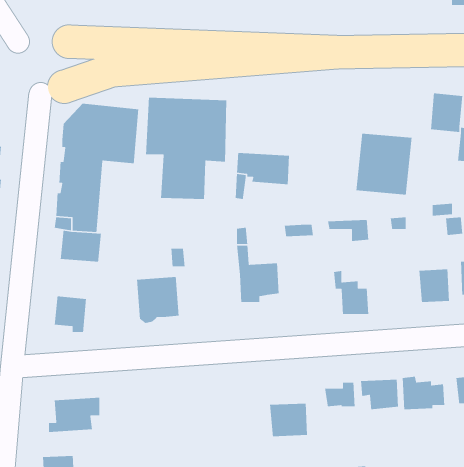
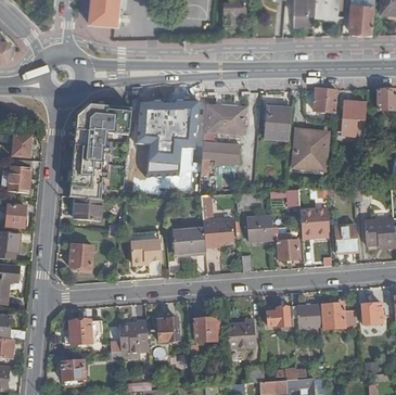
building: none -> [314,88,337,112]
building: none -> [204,106,244,135]
building: none -> [263,106,291,140]
building: none -> [299,209,329,241]
building: none -> [246,216,273,241]
building: none -> [173,229,205,258]
building: none -> [194,317,216,342]
building: none -> [157,318,179,342]
building: none -> [118,320,148,353]

